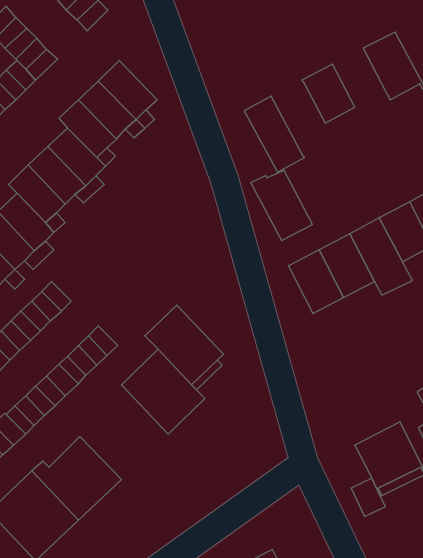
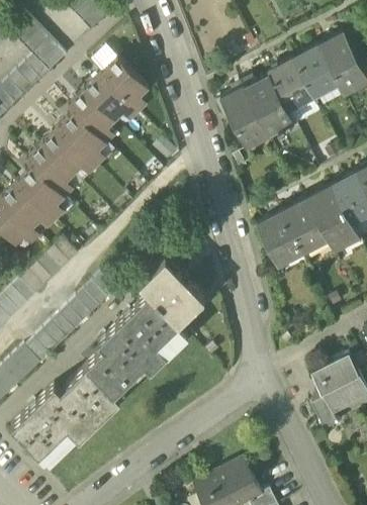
building: none -> [292,47,336,96]
building: [251,170,312,241] -> [242,77,292,134]
building: none -> [84,324,157,402]

